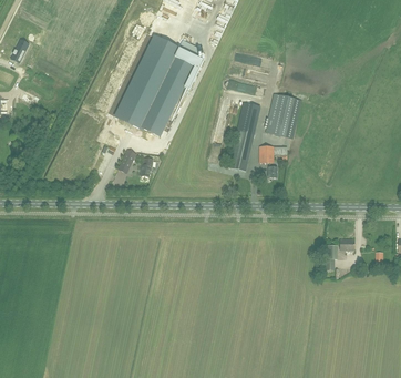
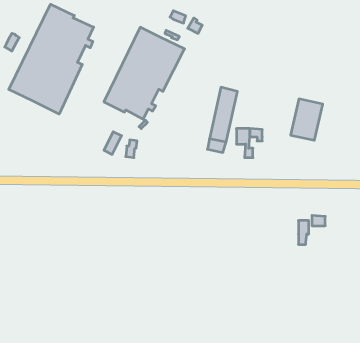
building: none -> [9,4,94,114]
building: [265,93,299,137] -> [291,99,323,140]

